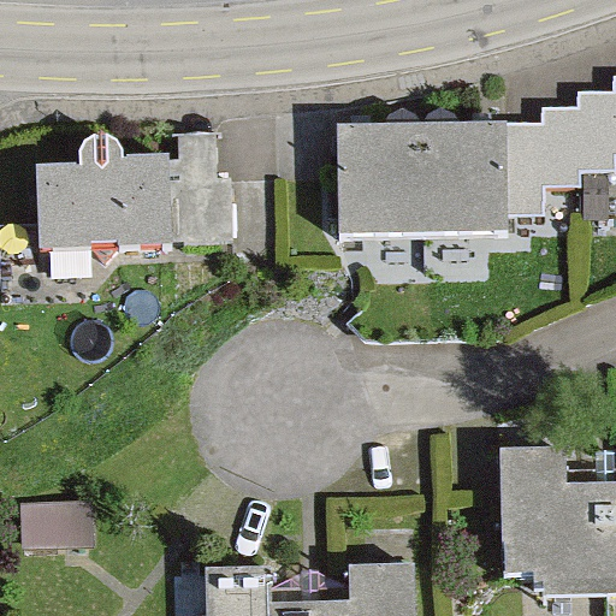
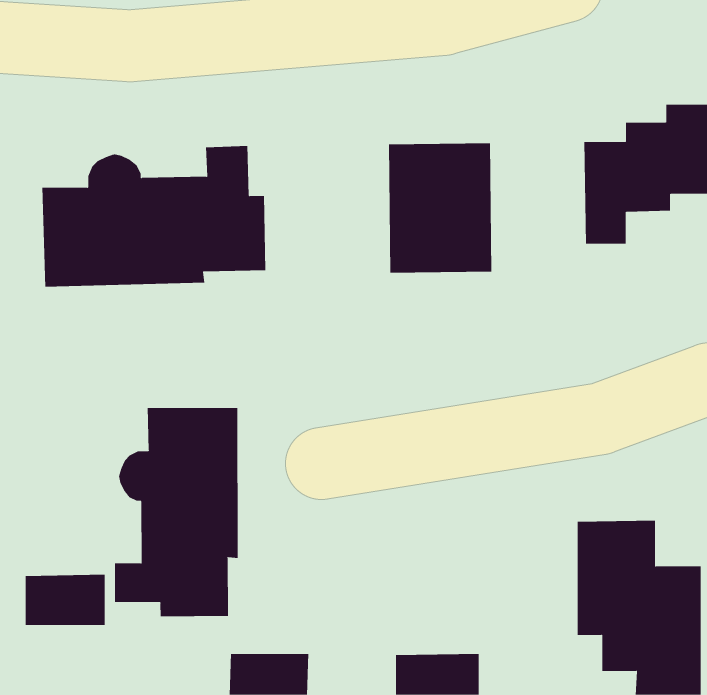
building: [427,123,509,236] -> none
building: none -> [114,407,238,617]

